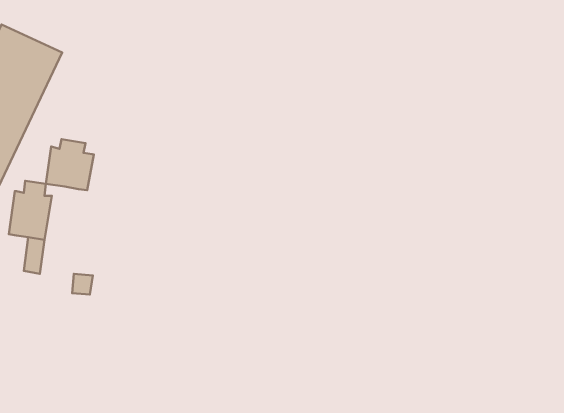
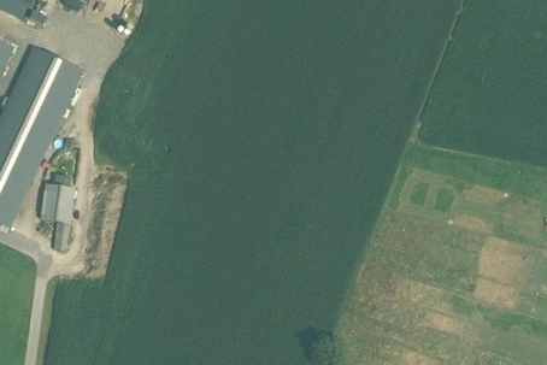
building: [46,139,94,190] -> none

